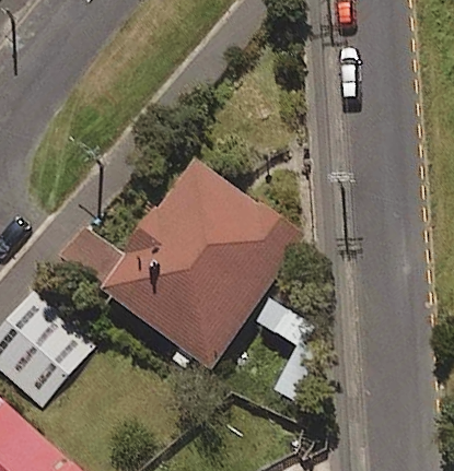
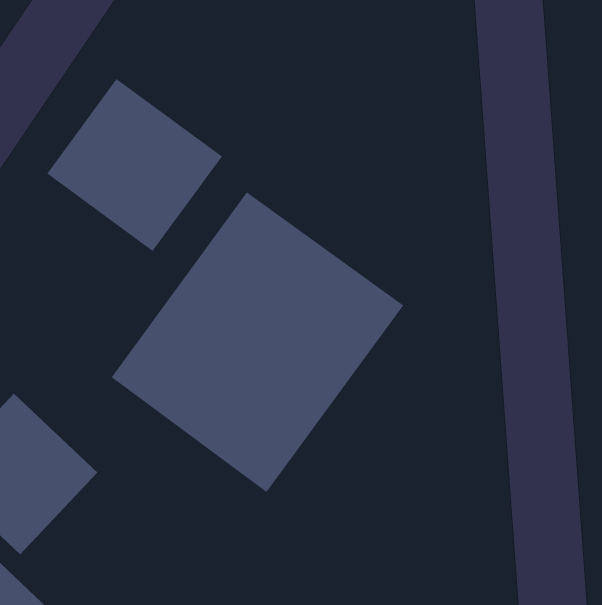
building: none -> [46,78,223,252]

